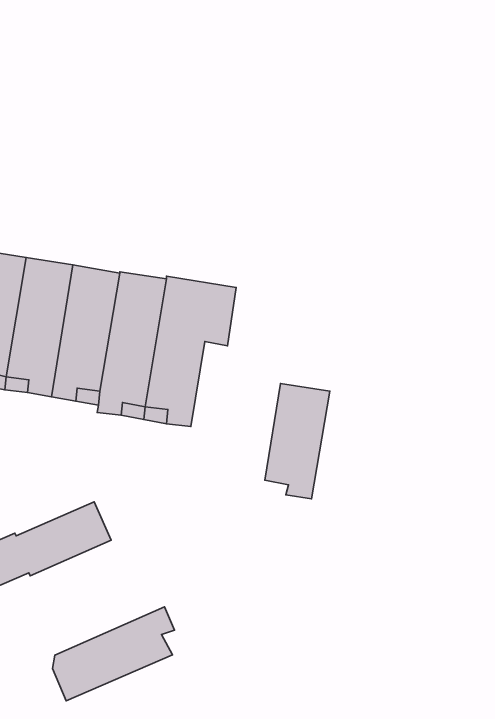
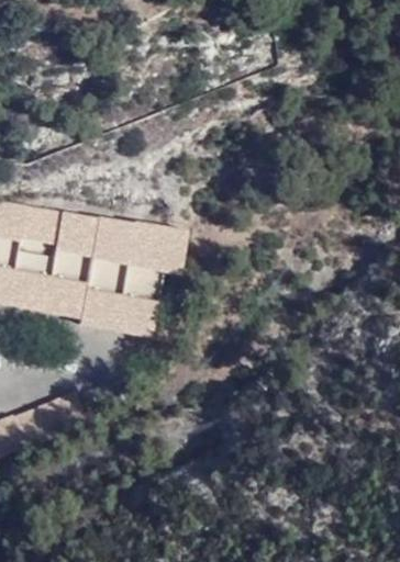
building: [265,384,330,499] -> none
building: [53,607,174,701] -> none

